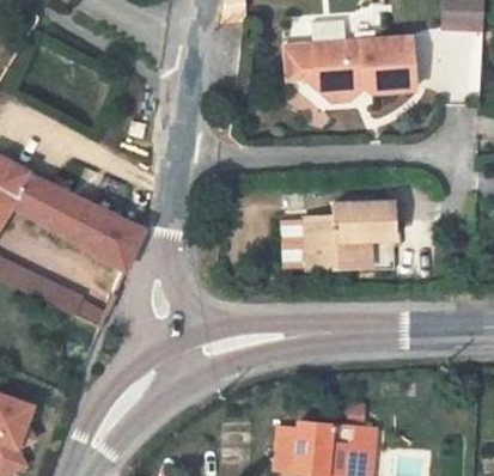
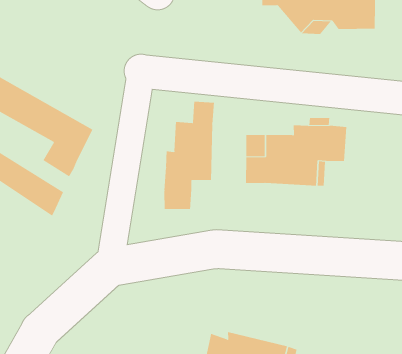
building: none -> [164,101,214,210]

